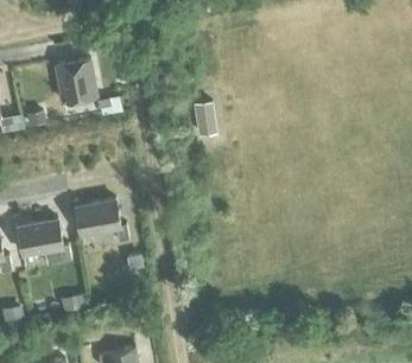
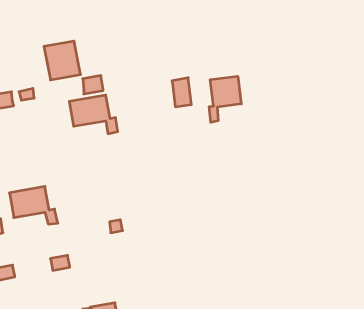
building: none -> [209,76,241,122]
building: [75,200,128,243] -> [69,95,118,134]

